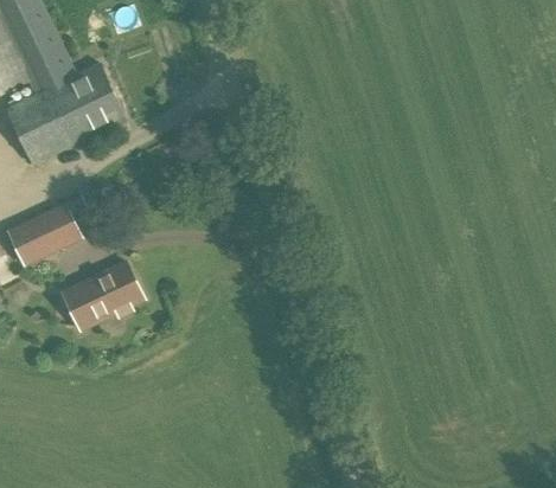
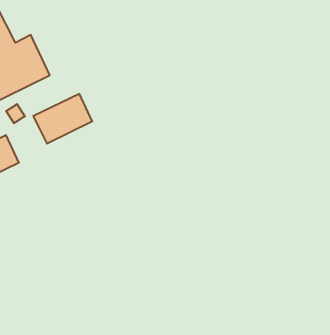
building: [60,261,142,329] -> [33,94,92,144]

